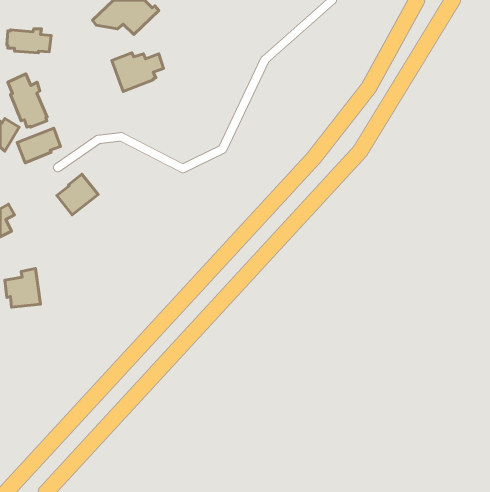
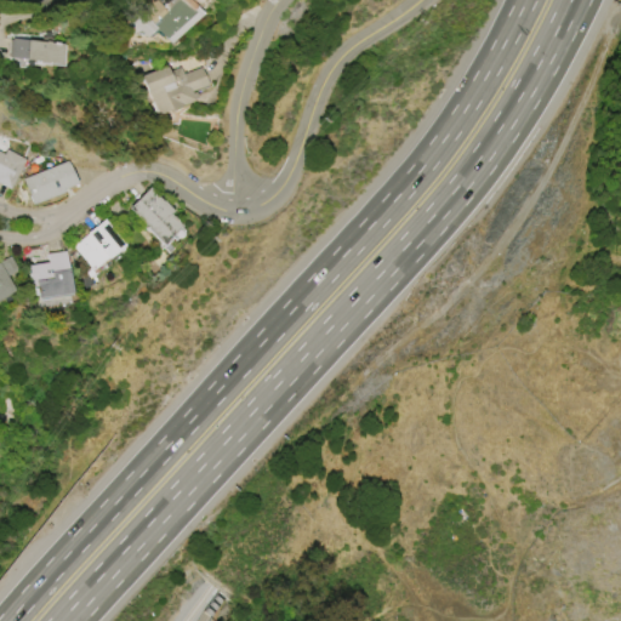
building: [8,74,47,127] -> none
building: none -> [129,188,182,245]
building: [5,269,40,307] -> [28,251,73,300]

